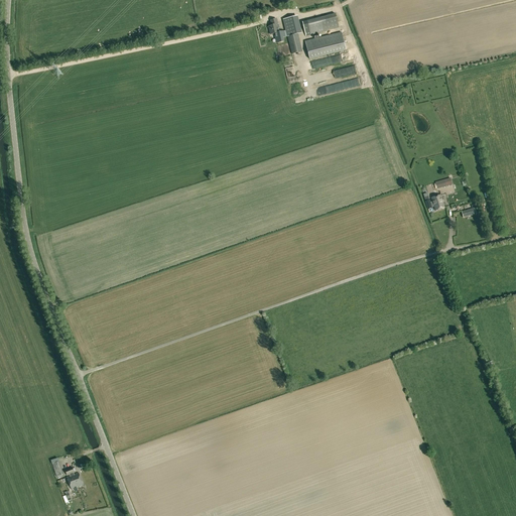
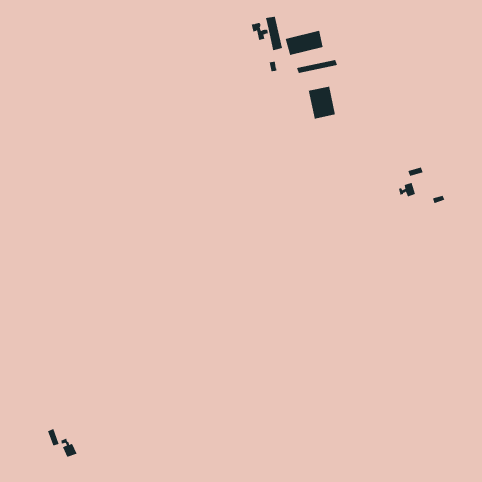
building: [301,13,339,36] -> none
building: none -> [308,86,336,120]

